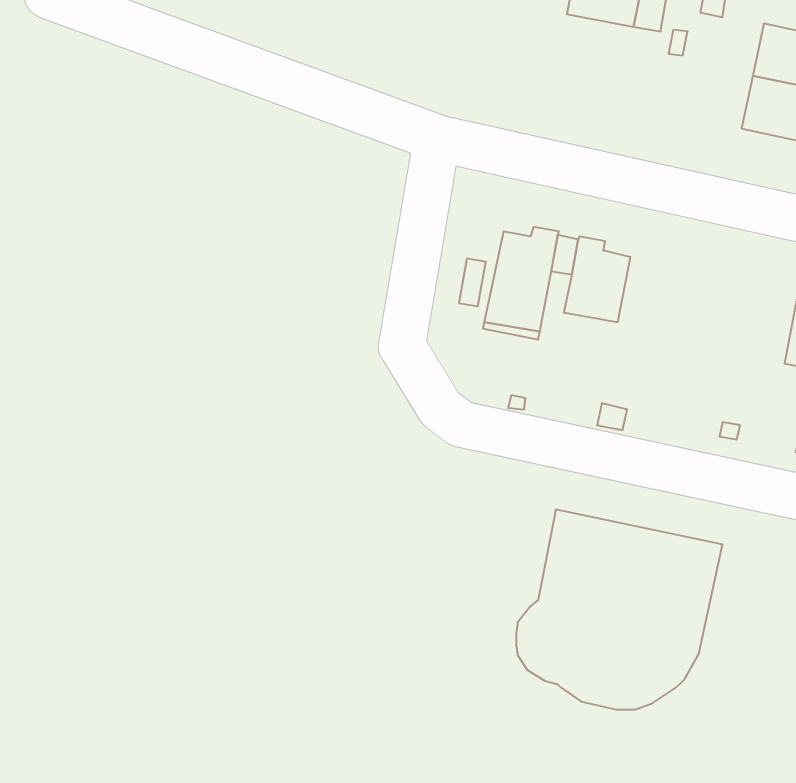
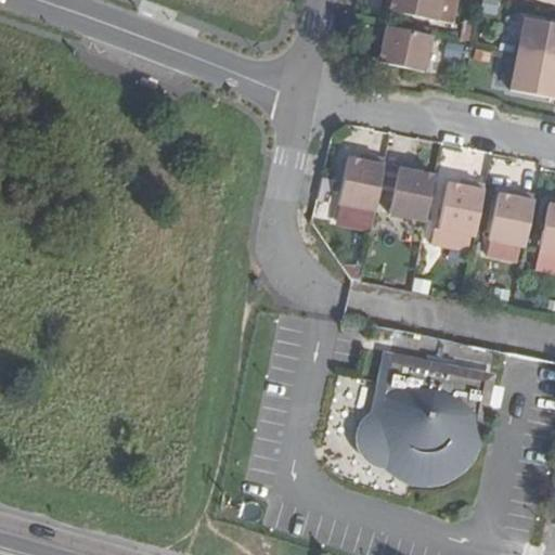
building: none -> [377,24,433,69]
building: none -> [439,182,486,237]
building: none -> [490,192,537,246]

